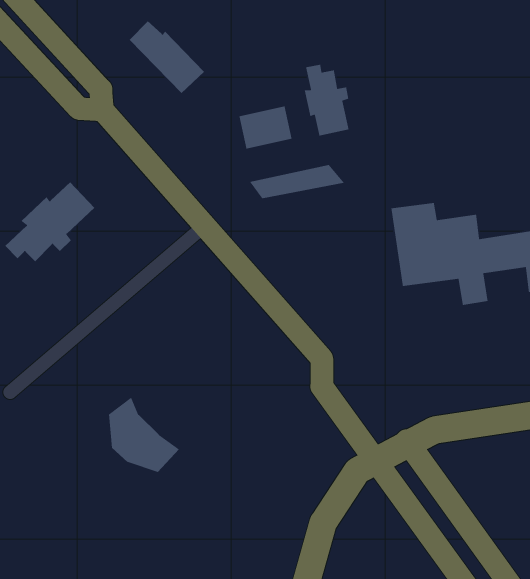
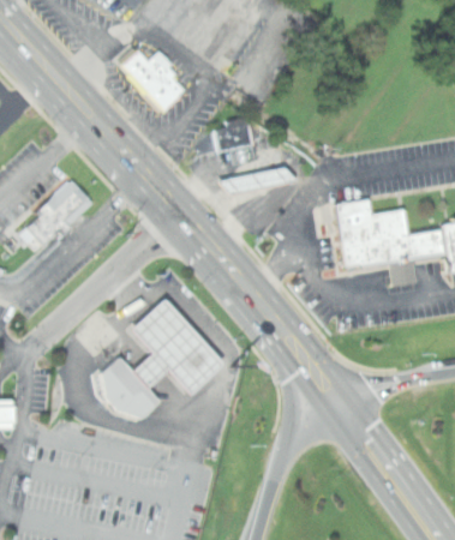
building: [304,64,349,137] -> none
building: none -> [130,299,222,394]

